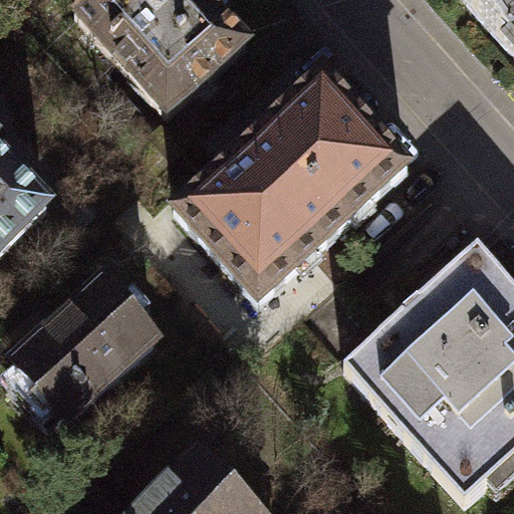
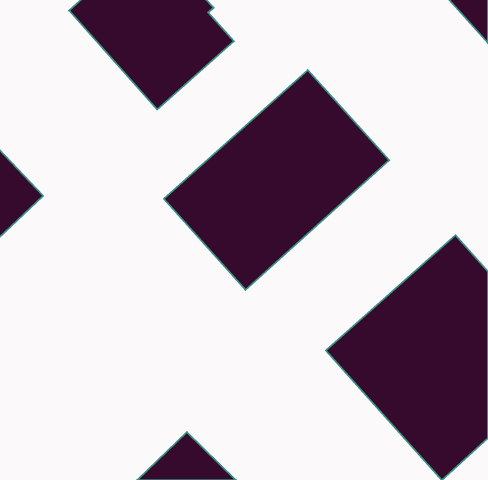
building: [11,280,155,419] -> none

